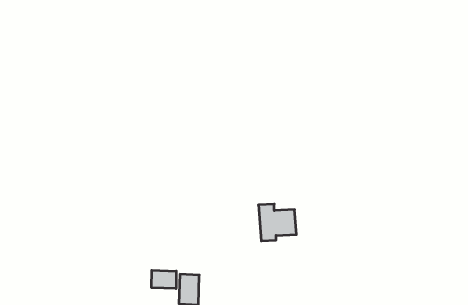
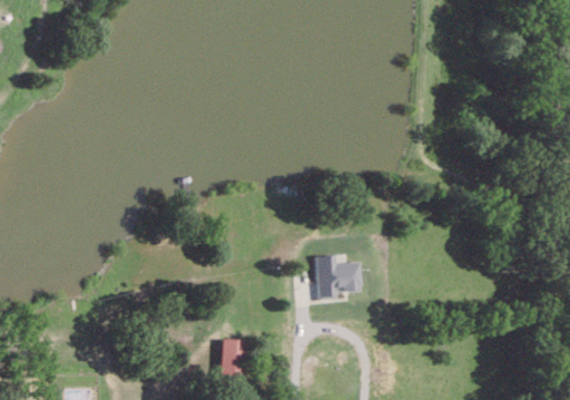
building: [152,270,176,289] -> none

